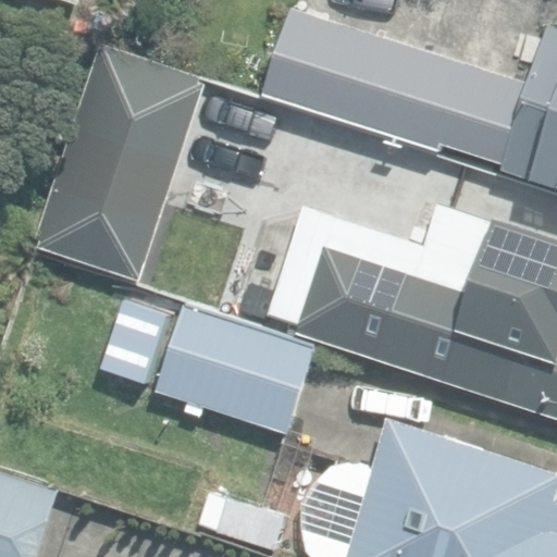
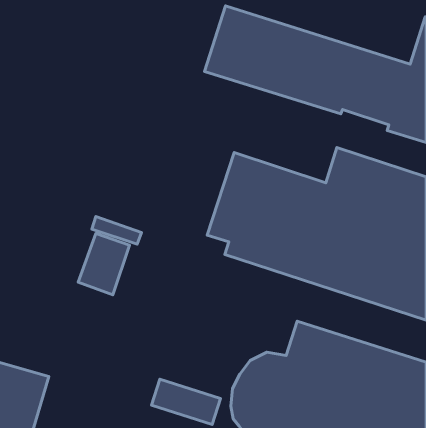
building: [42,51,202,284] -> none
building: [157,305,315,434] -> none

